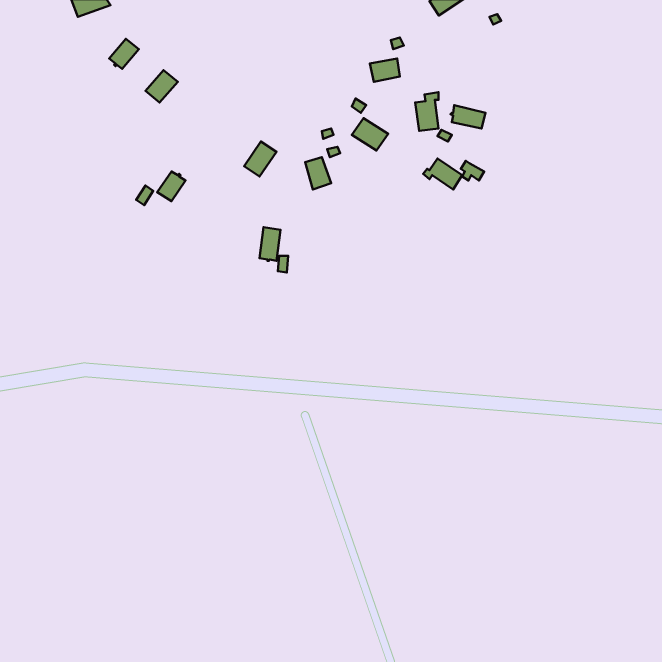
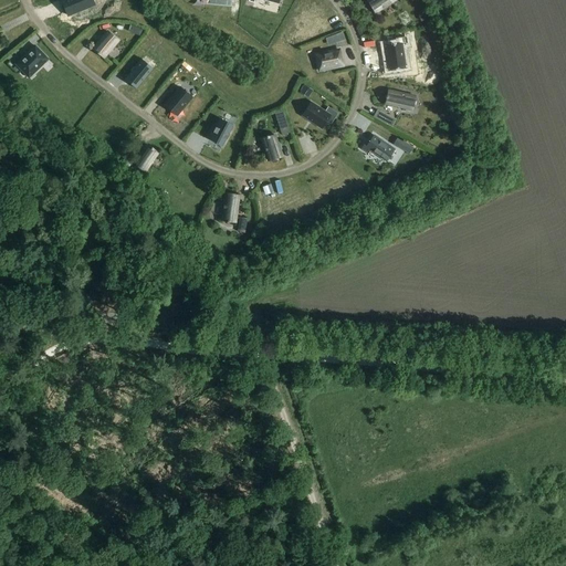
building: none -> [15,45,48,76]
building: [415,92,439,131] -> [384,36,403,70]
building: none -> [163,85,192,116]

